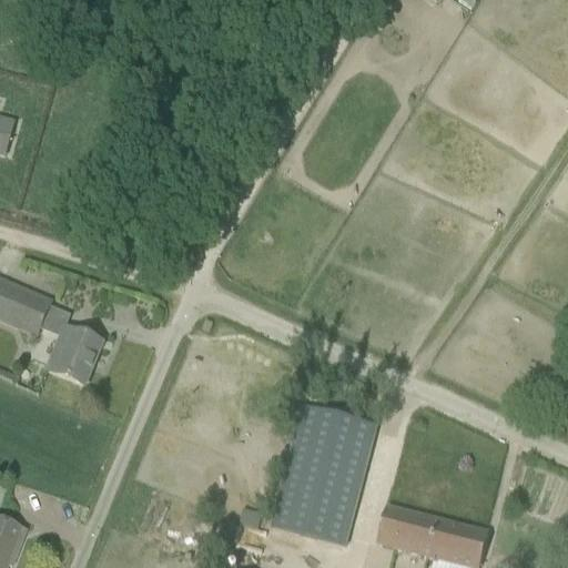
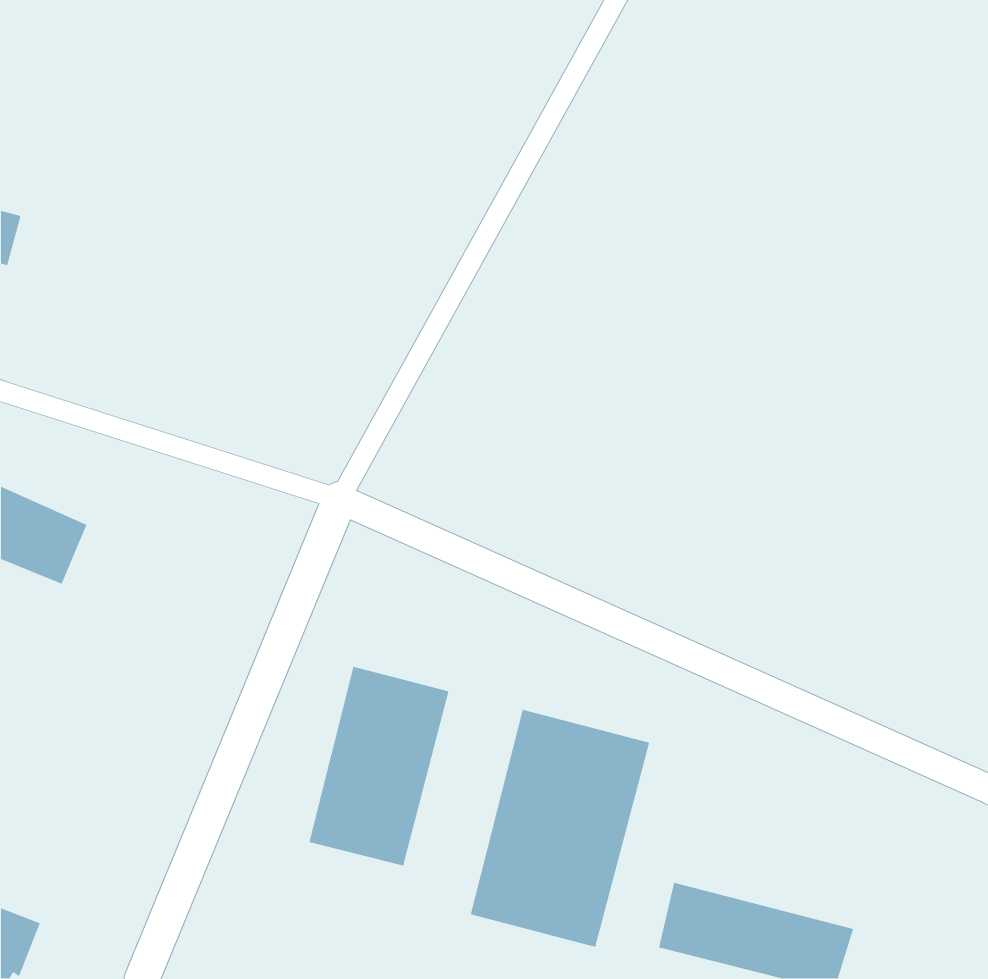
building: [49,324,103,383] -> none
building: none -> [308,666,450,867]

